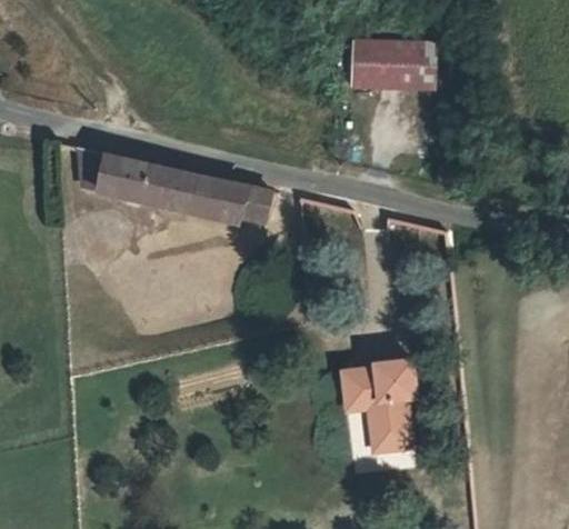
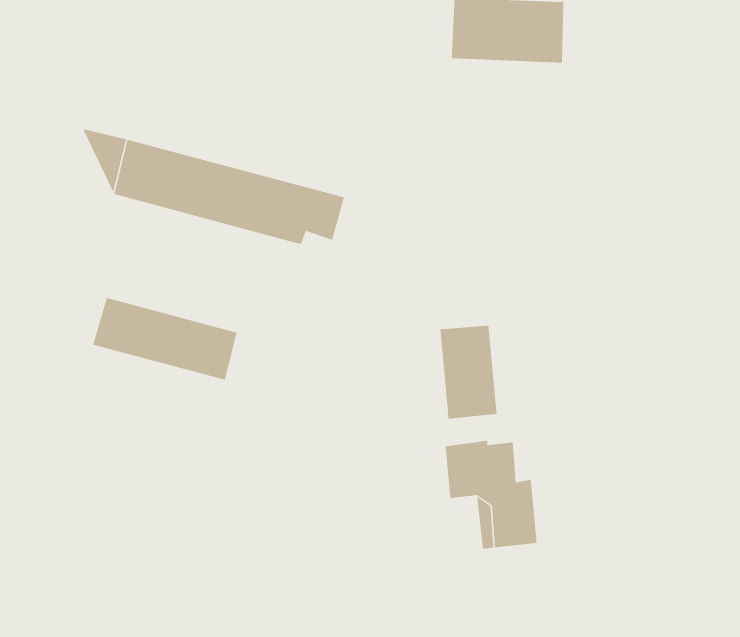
building: none -> [93,297,237,381]
building: none -> [440,325,497,419]

